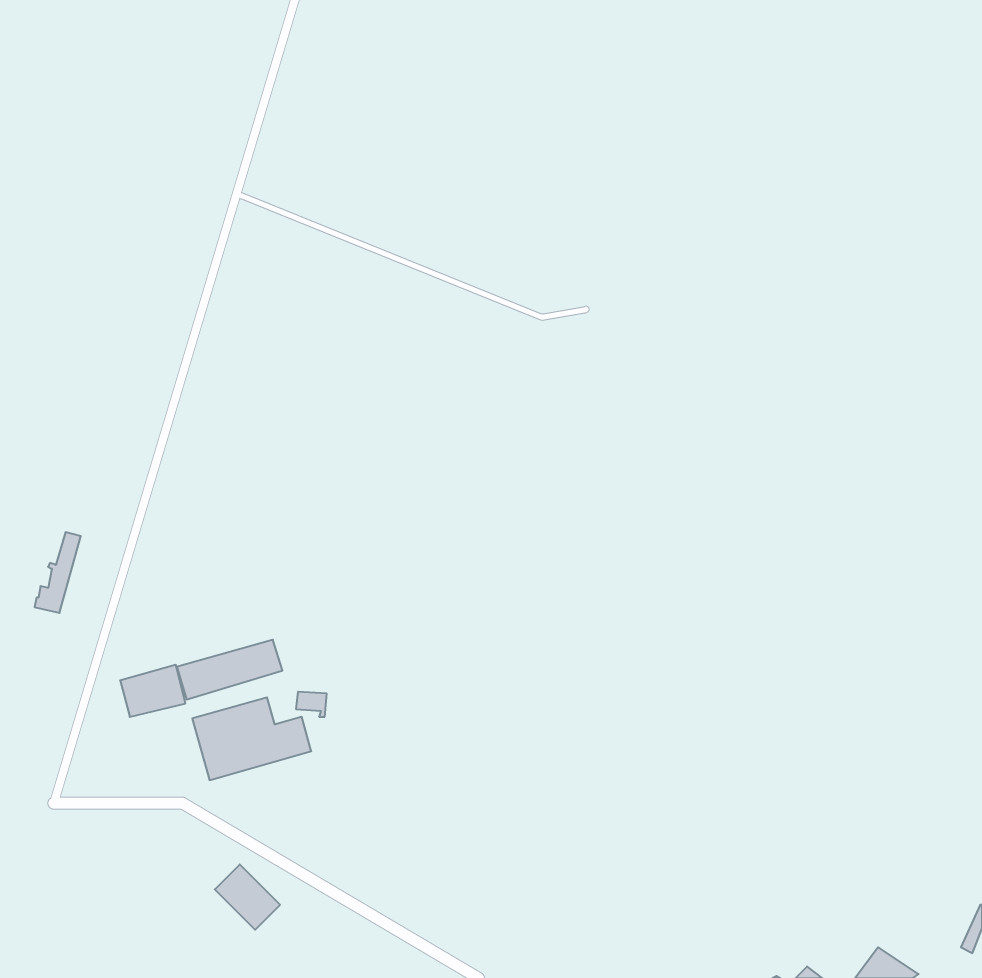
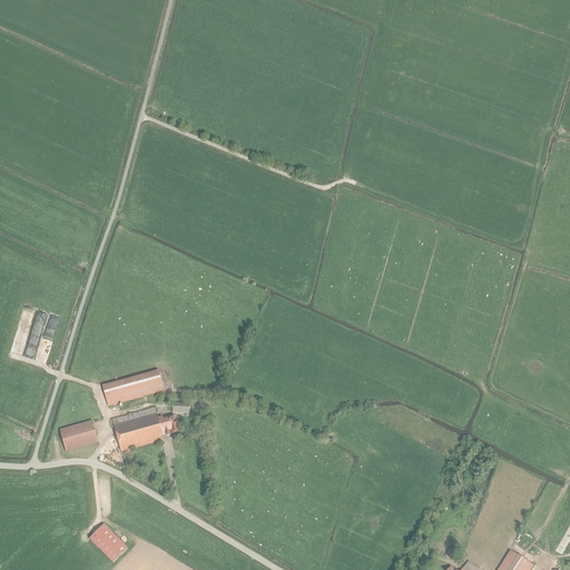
building: [120,665,185,717] -> [61,420,99,450]
building: [215,864,280,930] -> [89,524,127,562]

